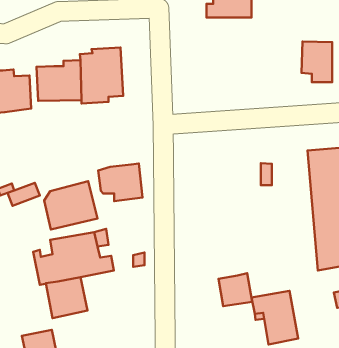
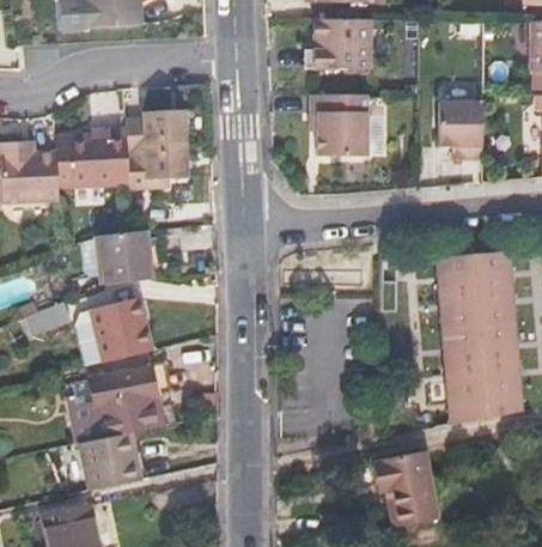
building: none -> [312,95,369,156]
building: [98,164,142,201] -> [84,231,146,284]
building: [219,273,252,306] -> none

